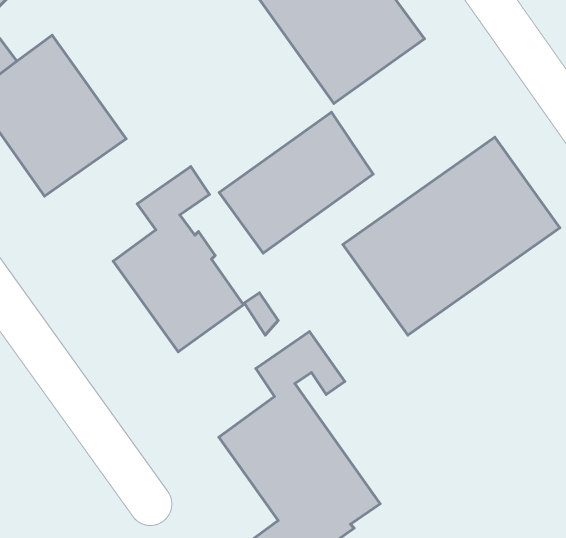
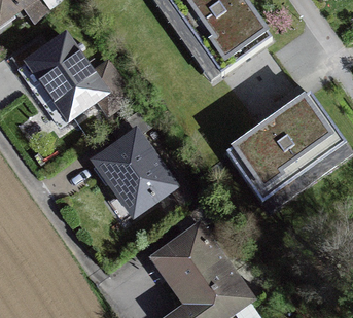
building: [219,112,373,253] -> none

